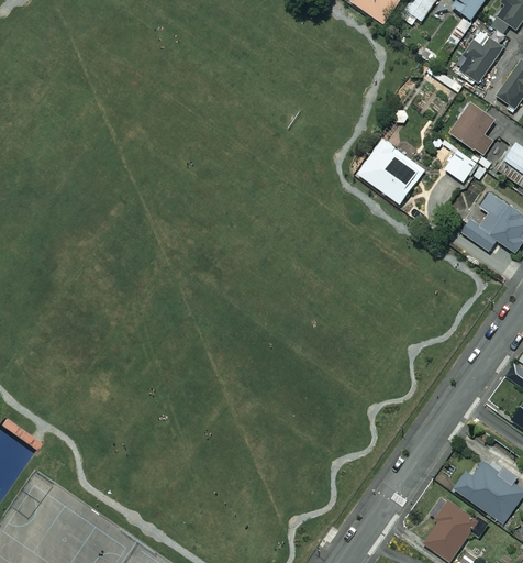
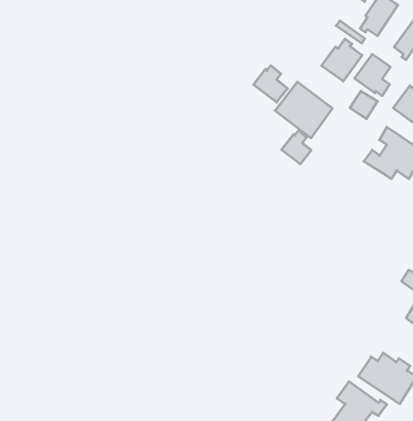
building: none -> [322,39,362,81]
building: none -> [254,66,288,102]
building: none -> [282,130,311,164]

